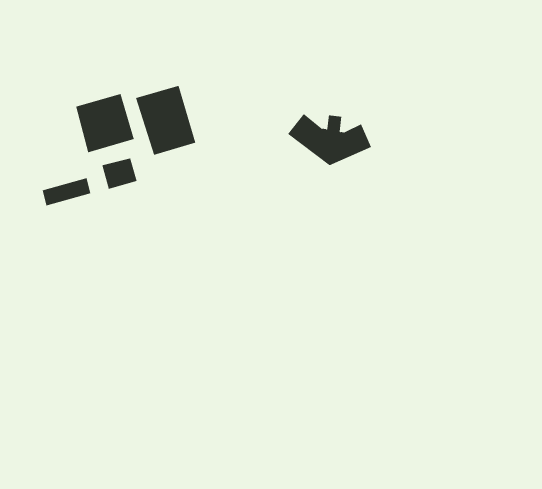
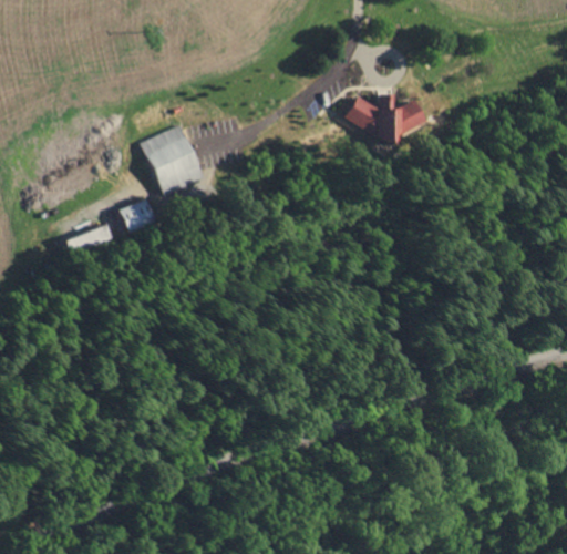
building: [75,93,134,153] -> none
building: [287,113,372,166] -> [343,95,424,143]

